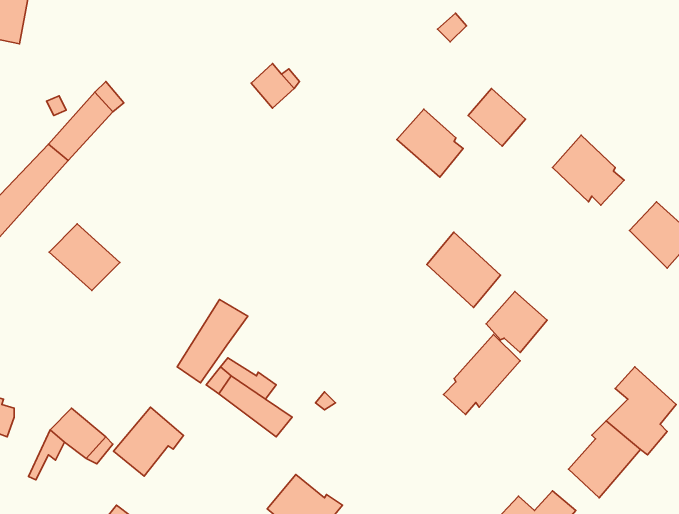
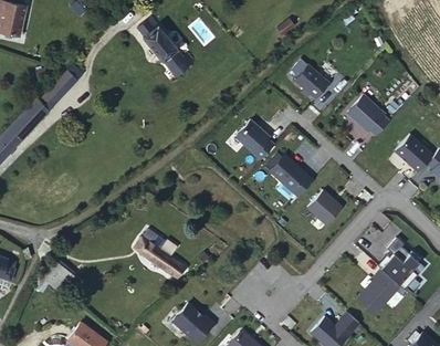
building: none -> [136,19,176,62]
building: [397,109,463,177] -> [235,119,276,161]
building: [49,224,120,291] -> none
building: [177,300,248,383] -> none
building: [444,335,520,415] -> none
building: [113,407,184,476] -> none

